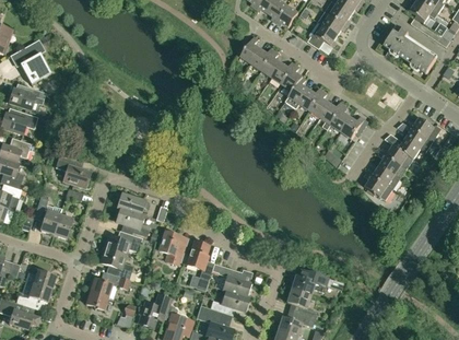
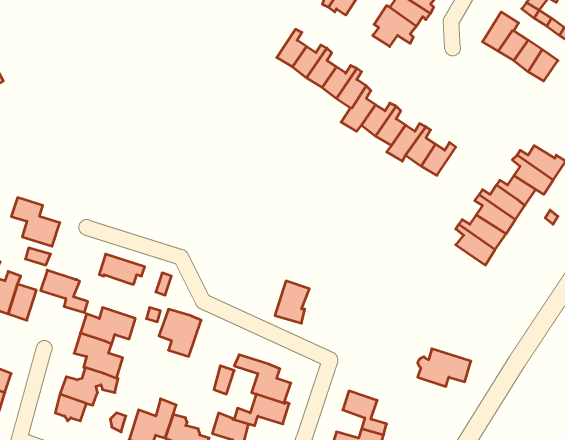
building: [116,207,149,236] -> [41,270,88,313]
building: [186,239,210,269] -> [275,281,309,323]
building: [291,268,328,294] -> [418,349,471,386]

